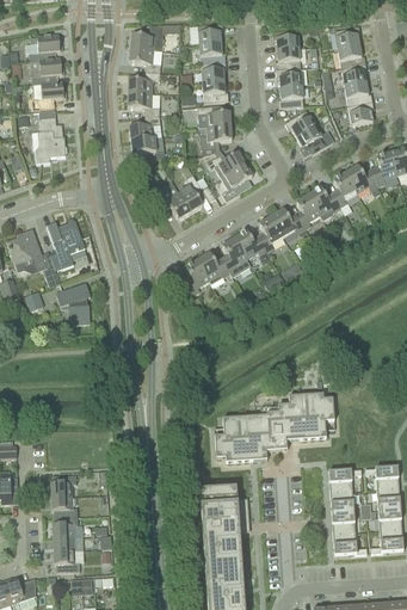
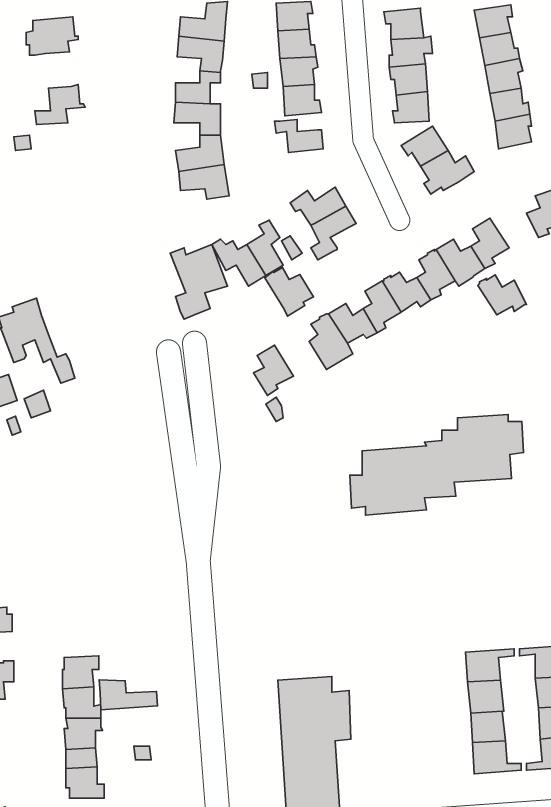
building: [31,57,64,82] -> none
building: [32,109,67,162] -> none
building: [199,124,232,148] -> none
building: [345,165,378,192] -> [478,275,526,315]
building: [47,218,86,270] -> [170,244,228,319]
building: [197,252,230,285] -> [265,267,314,316]
building: [56,282,91,324] -> none
building: [215,393,334,462] -> [350,414,524,515]
building: none -> [99,680,157,710]

